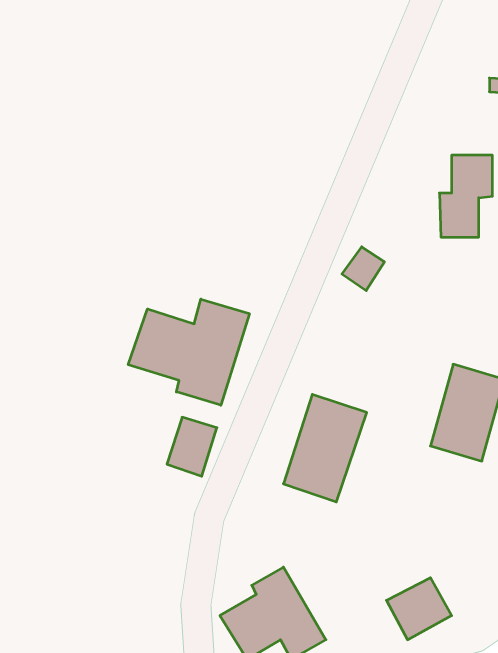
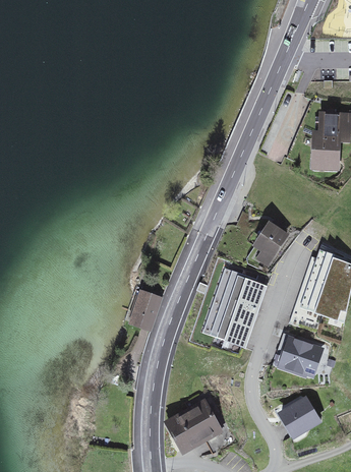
building: [342,247,384,291] -> [254,226,283,255]
building: [128,299,249,405] -> none
building: none -> [278,338,319,373]

